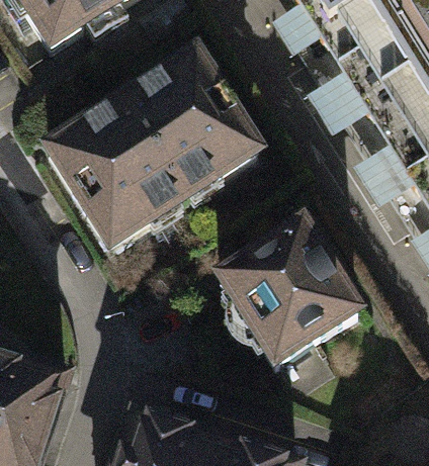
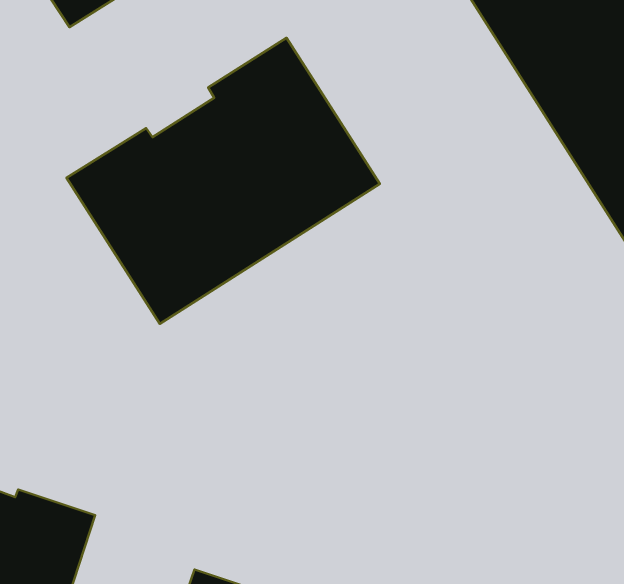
building: [222,224,360,364] -> none

